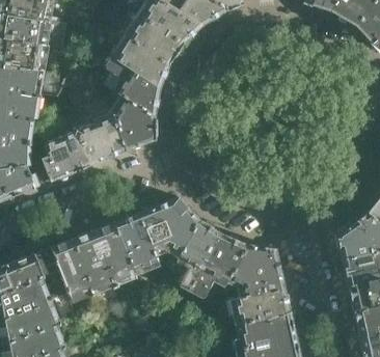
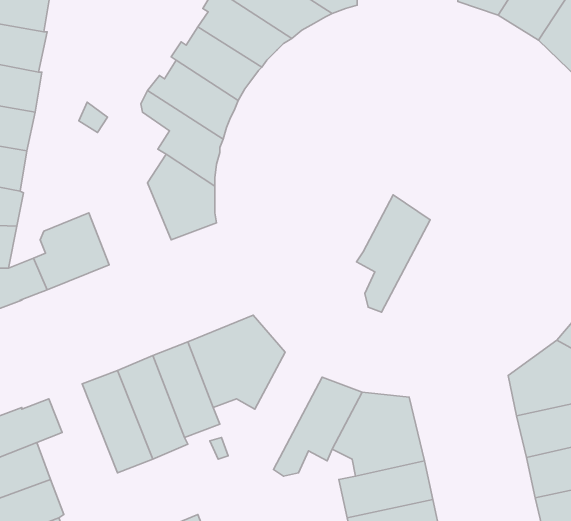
building: [76,114,127,165] -> none
building: [174,219,220,292] -> [356,195,430,312]
building: [50,239,93,297] -> none

